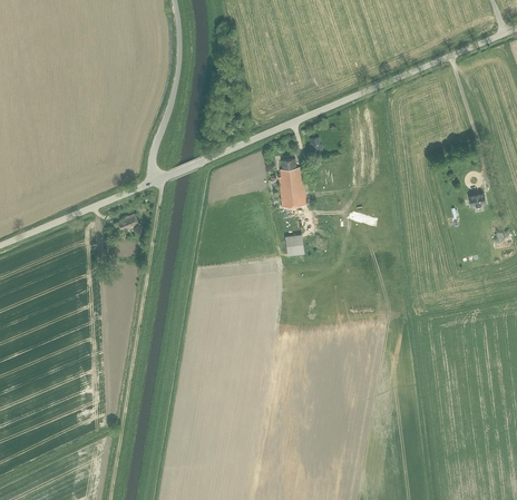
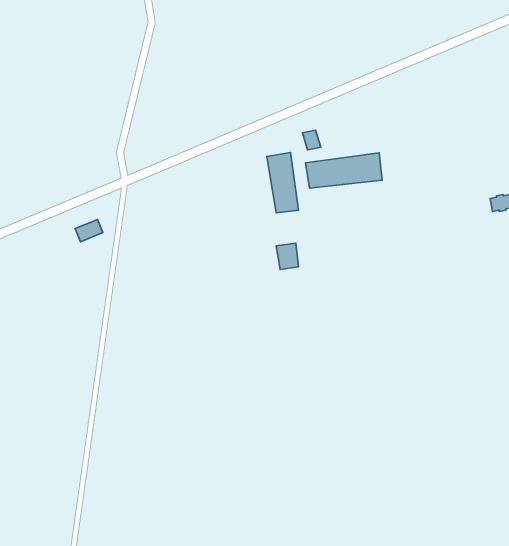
building: none -> [305,153,382,188]

